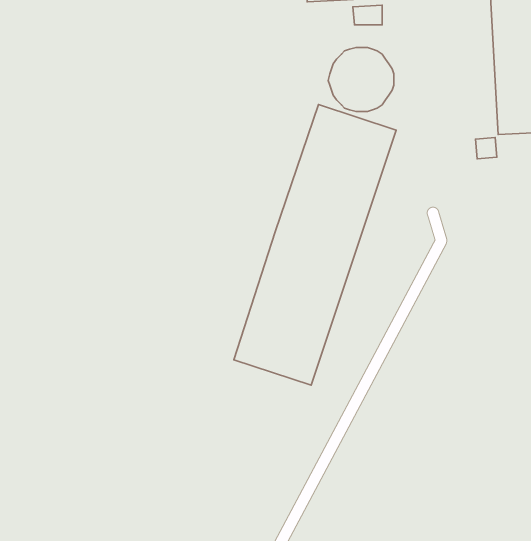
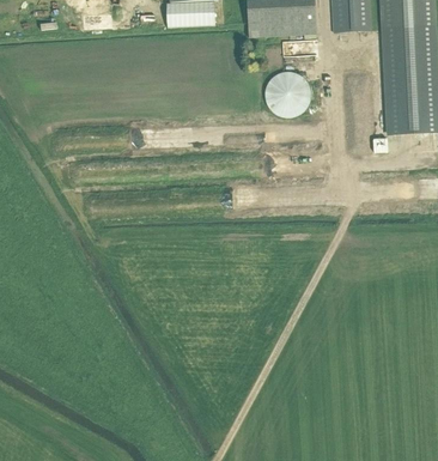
building: [234,105,396,385] -> none

